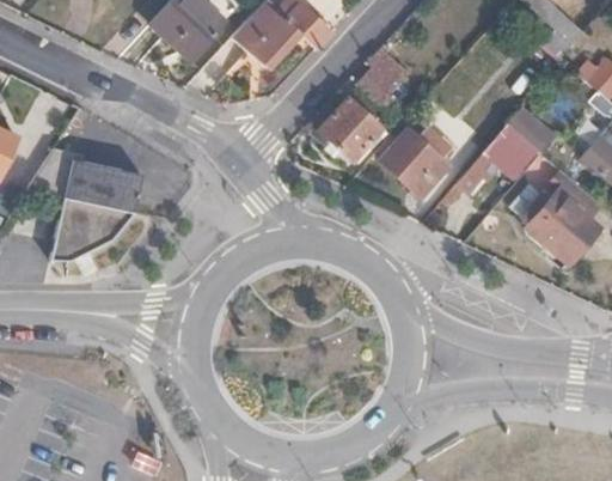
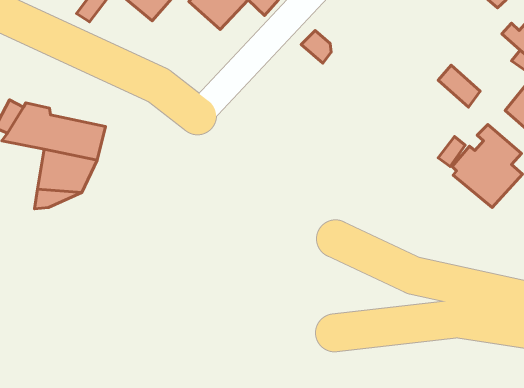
building: [318,96,384,162] -> none
building: [459,121,544,189] -> none
building: [379,123,449,194] -> none

